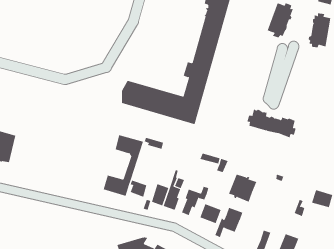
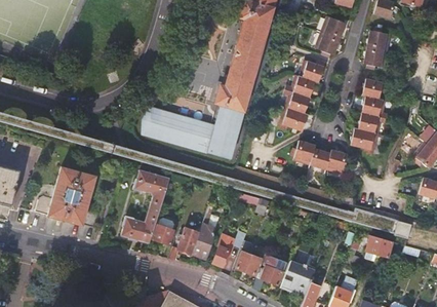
building: none -> [278,60,325,130]
building: none -> [351,75,389,154]
building: none -> [36,167,101,228]
building: [228,174,257,203] -> [282,261,316,295]

